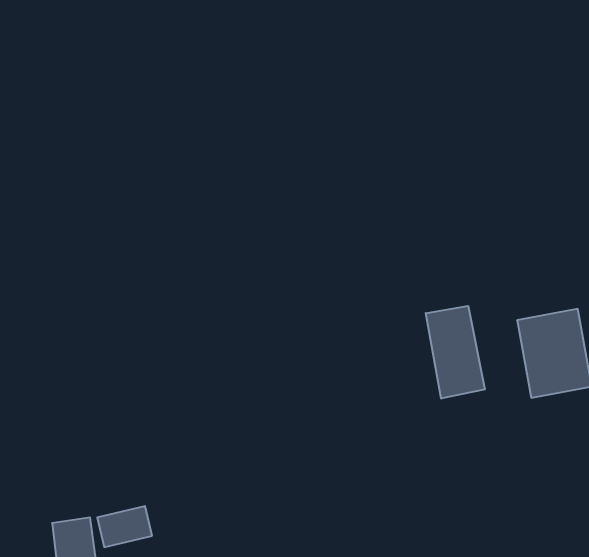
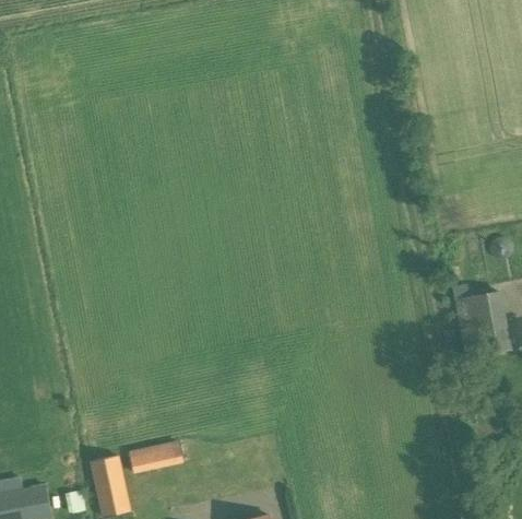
building: [426,306,485,399] -> none

